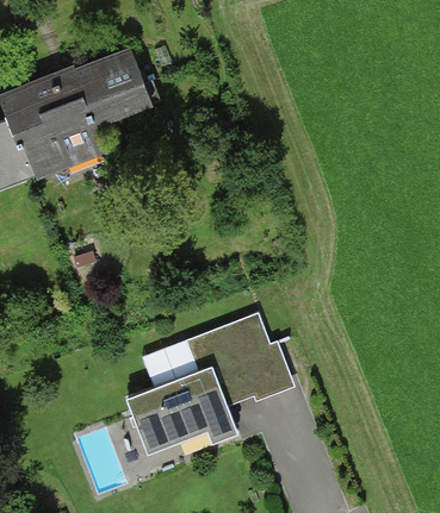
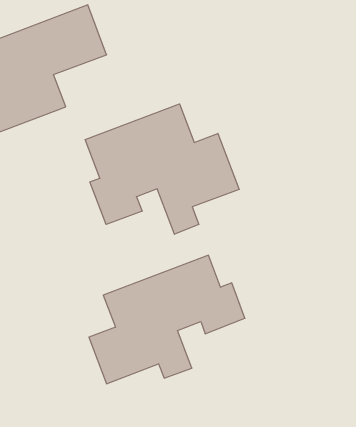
building: none -> [85,104,239,234]

